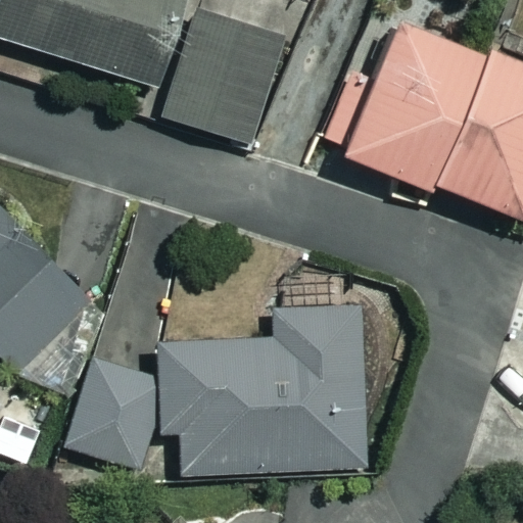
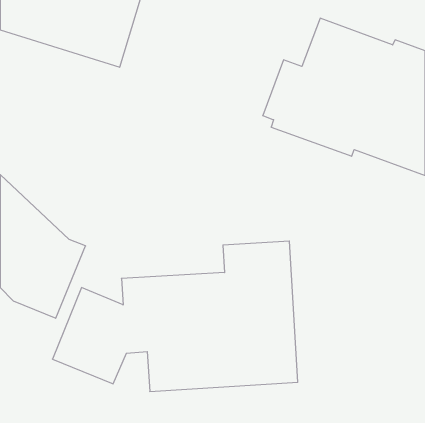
building: [161,10,284,143] -> none

